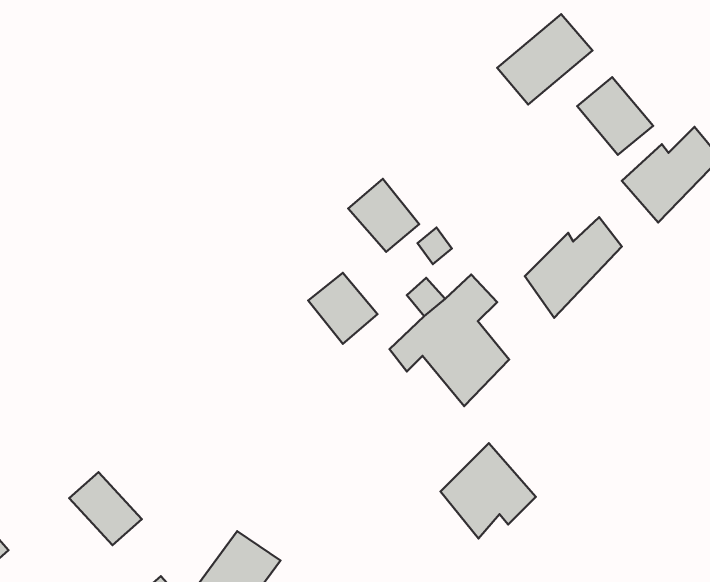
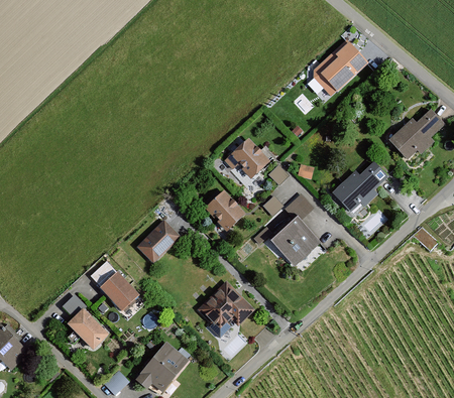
building: [577,77,653,155] -> none
building: none -> [138,220,181,262]
building: none -> [99,270,138,309]
building: [440,443,536,539] -> [197,279,252,335]

